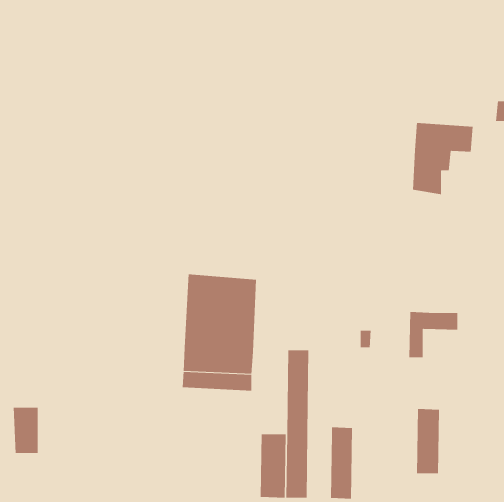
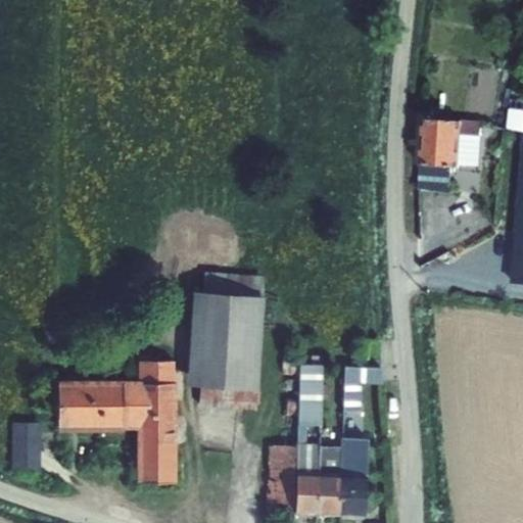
building: [409,311,458,358] -> [343,363,394,411]
building: none -> [57,360,174,480]
building: [416,409,440,474] -> [319,447,343,515]

